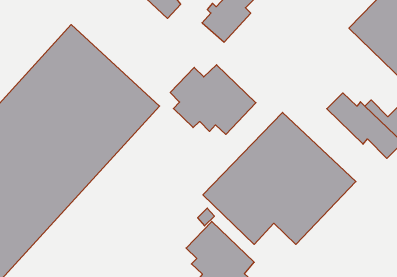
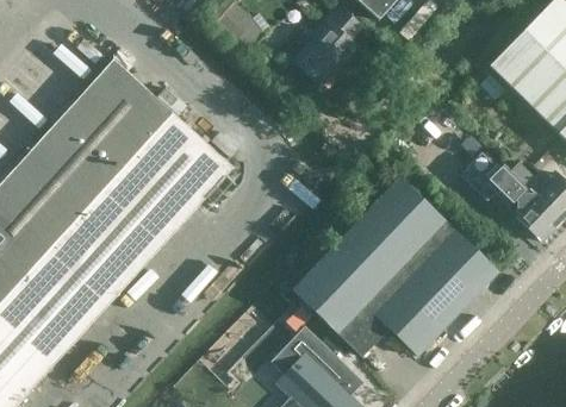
building: [170,65,256,134] -> none

